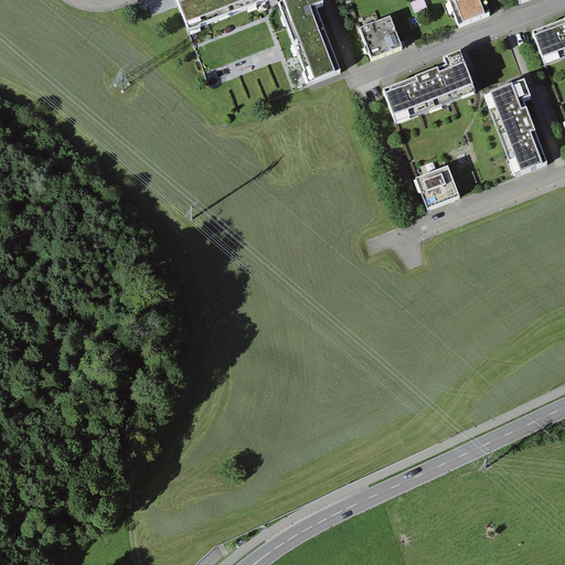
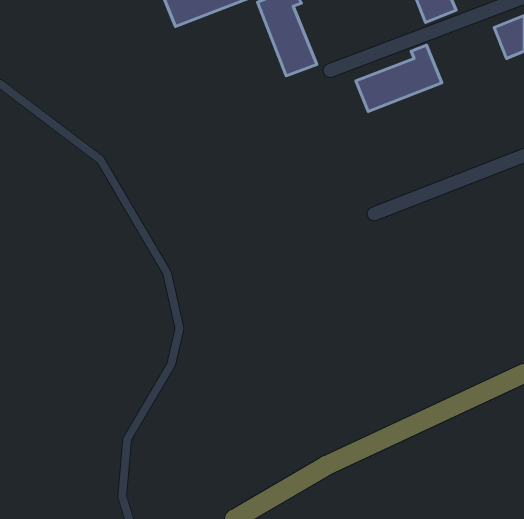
building: [359,14,404,57] -> none
building: [484,78,547,173] -> none
building: [416,163,460,207] -> none

